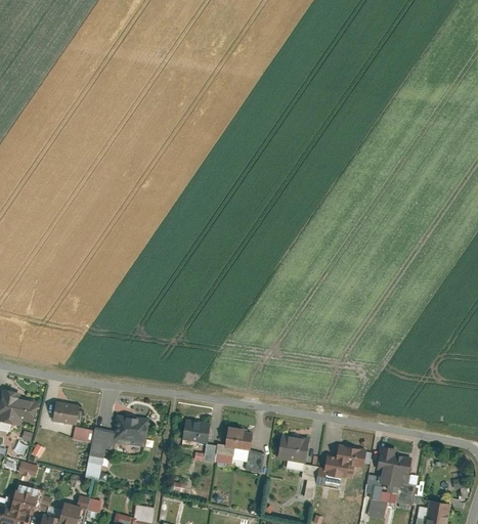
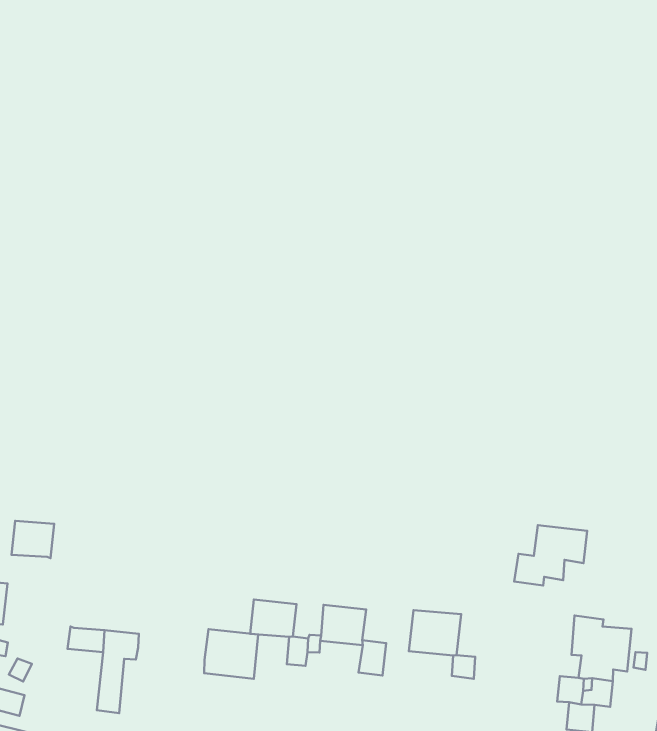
building: [51,402,79,427] -> [11,521,54,558]
building: [113,416,147,448] -> [204,629,258,679]
building: [321,444,368,481] -> [514,525,587,585]

